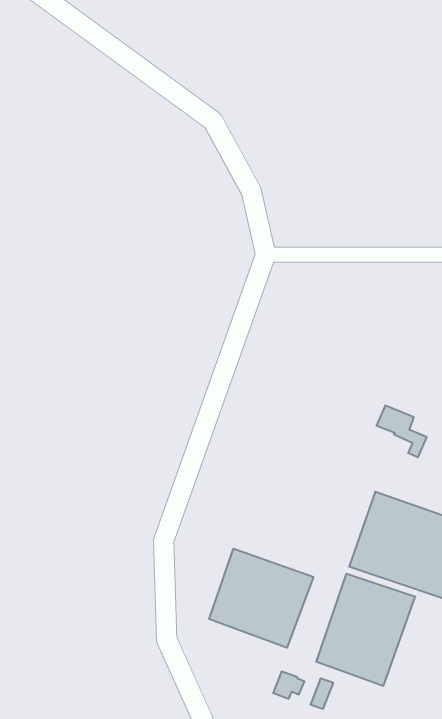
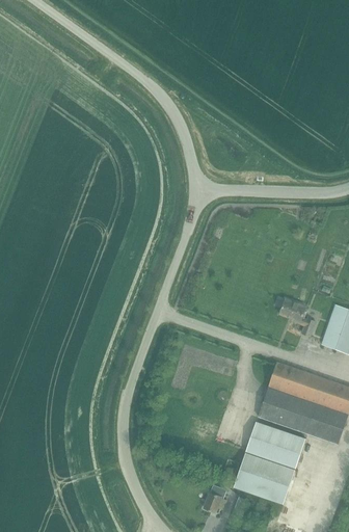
building: [209,549,313,648] -> none

